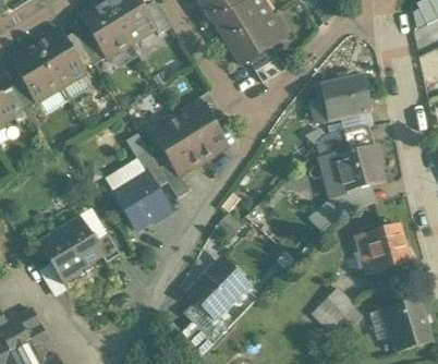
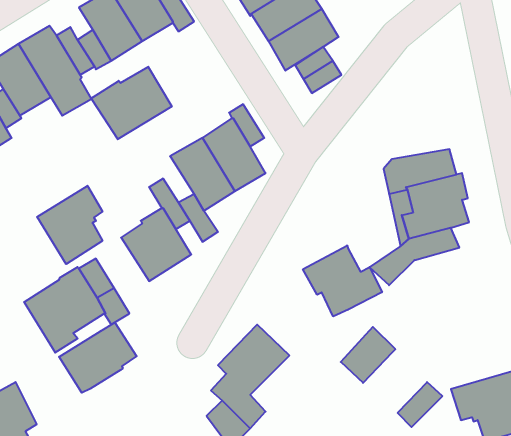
building: none -> [92,67,172,139]
building: [317,75,372,121] -> none
building: none -> [37,186,102,264]
building: none -> [303,245,382,316]
building: [357,223,409,271] -> none
building: none -> [59,322,137,393]
building: [311,287,353,330] -> [341,327,395,383]

